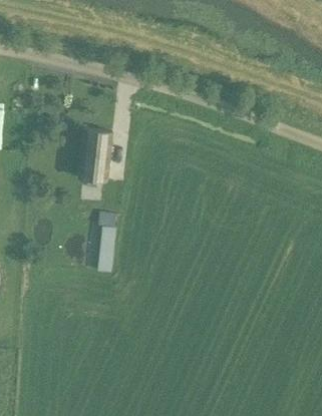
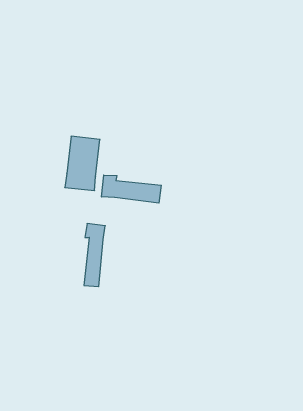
building: none -> [102,175,161,203]

